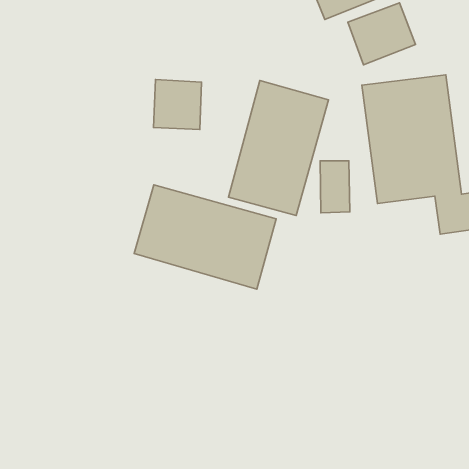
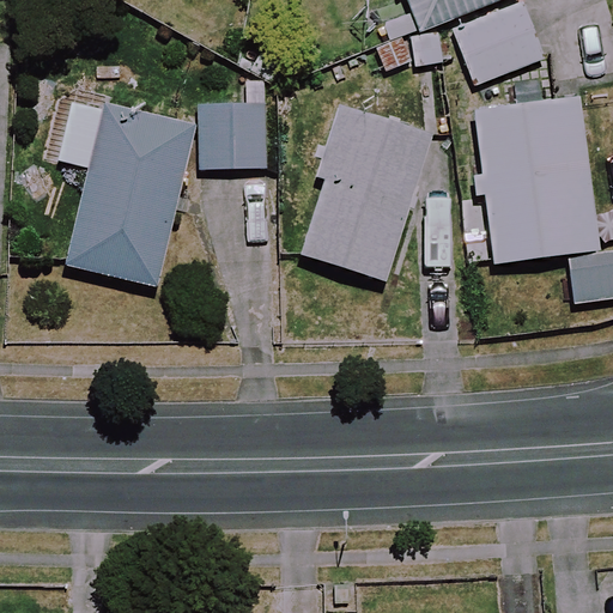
building: none -> [57,99,194,285]
building: [134,185,276,289] -> none

